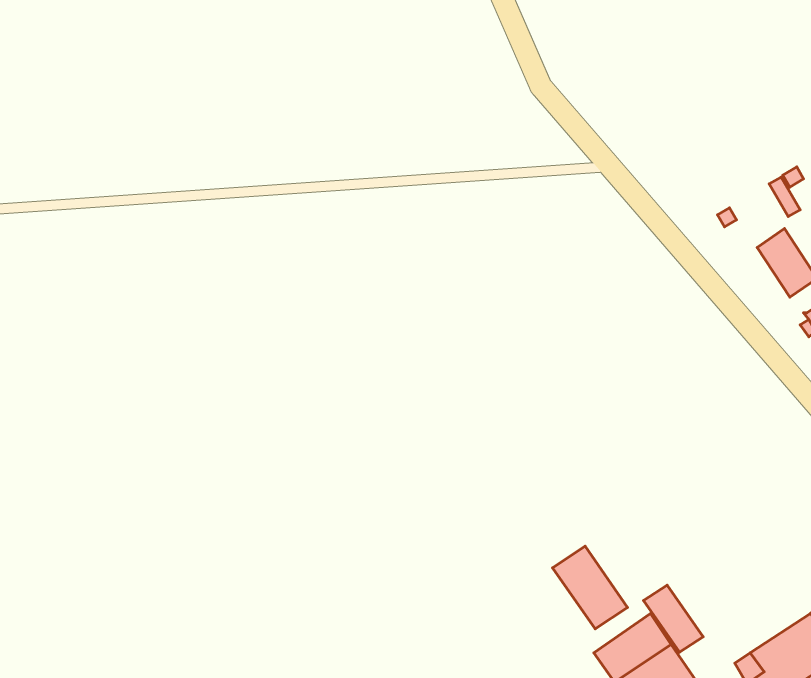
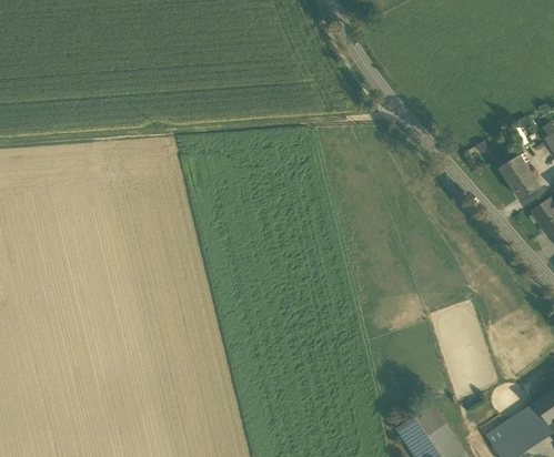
building: [553,546,628,629] -> none
building: [644,585,703,652] -> none

